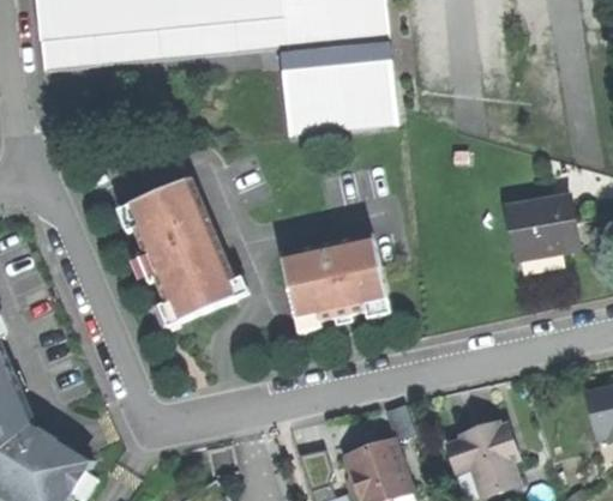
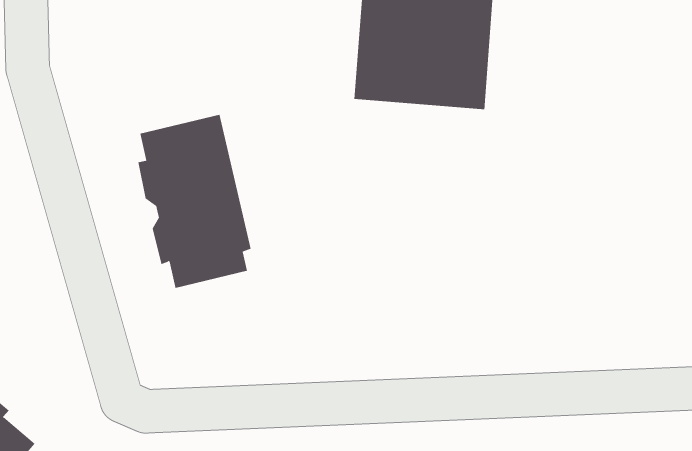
building: [504,197,573,256] -> none
building: [280,233,384,320] -> none

